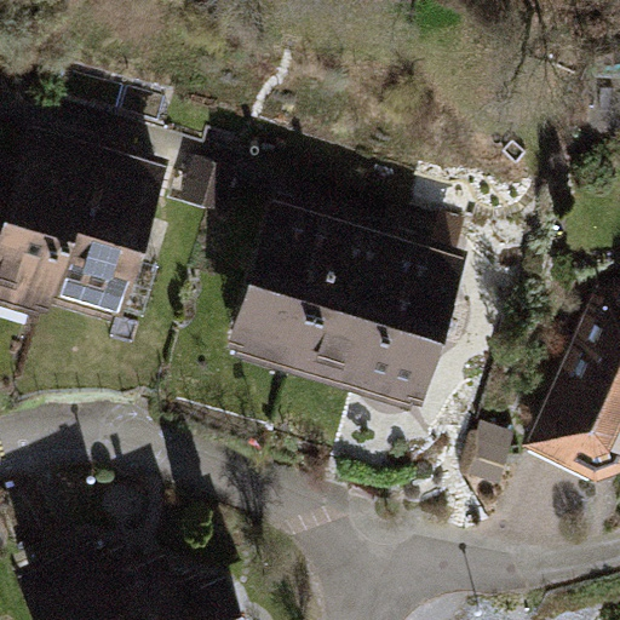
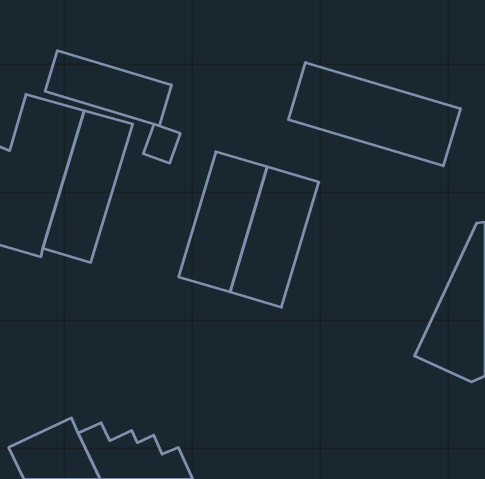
building: none -> [45,51,171,126]
building: none -> [288,62,460,166]
building: [357,231,470,409] -> none

